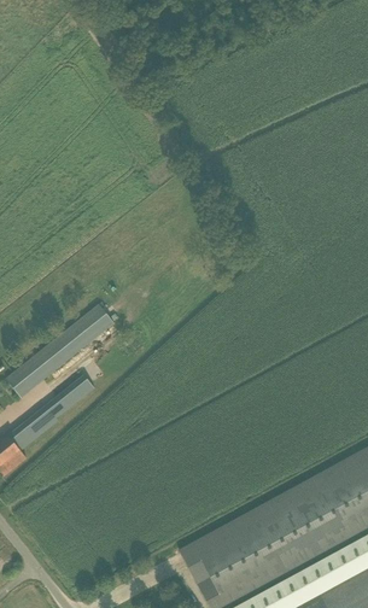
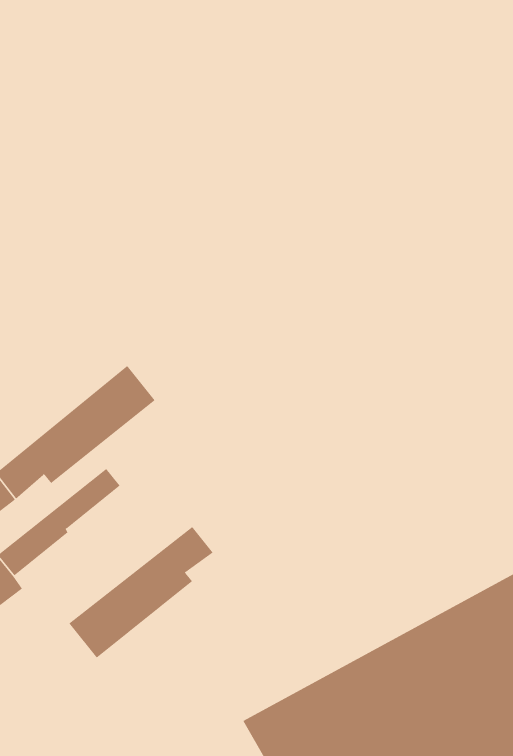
building: none -> [68,526,213,659]

